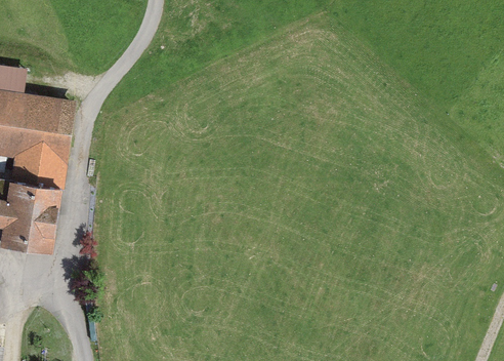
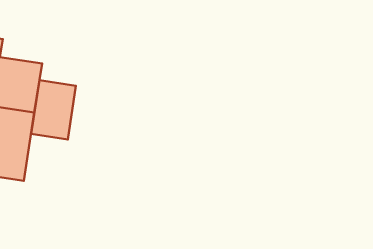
building: none -> [31,80,76,139]

